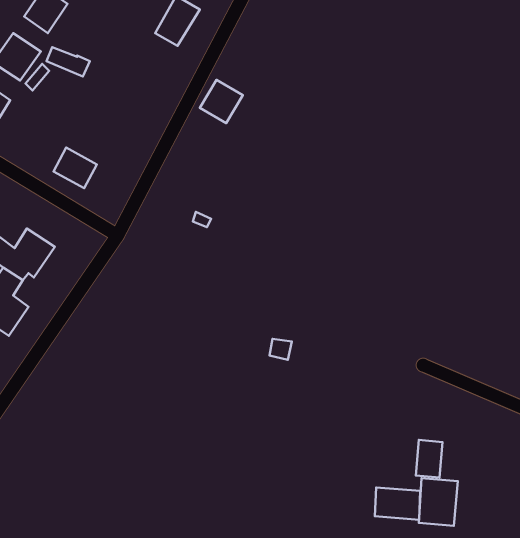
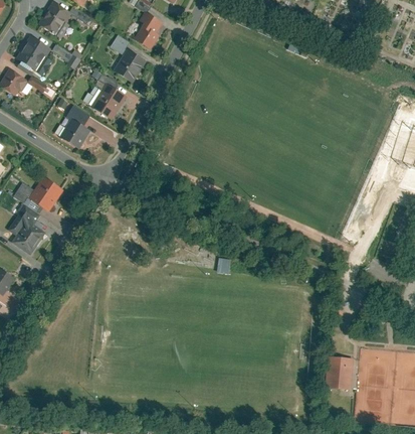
building: [200,80,243,123] -> [116,48,147,80]
building: none -> [94,83,128,118]
building: [416,440,442,478] -> none
building: [375,487,420,520] -> none

